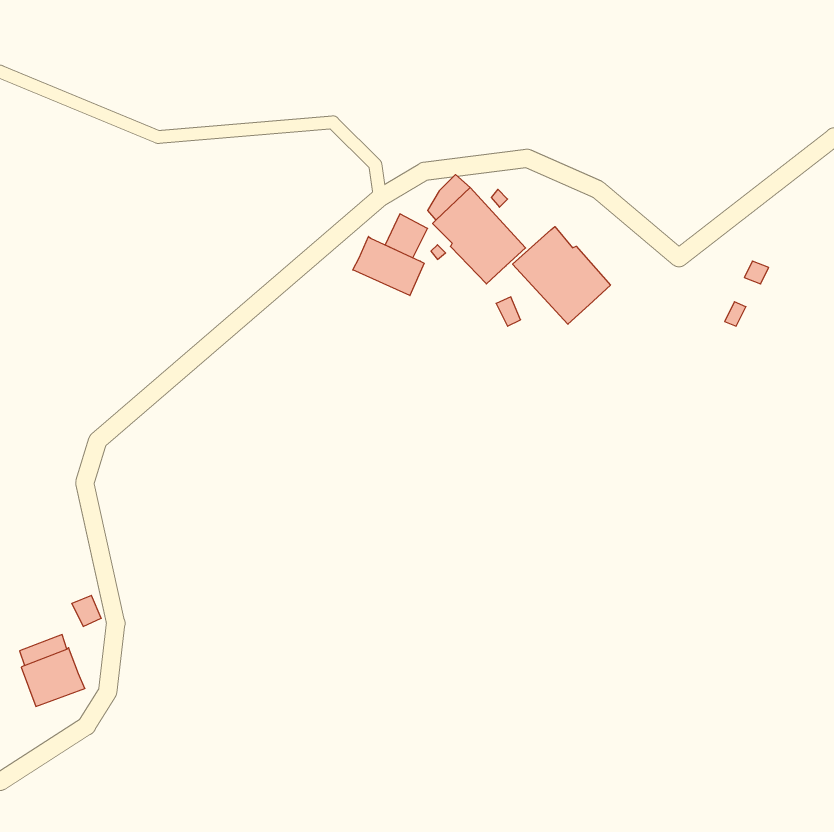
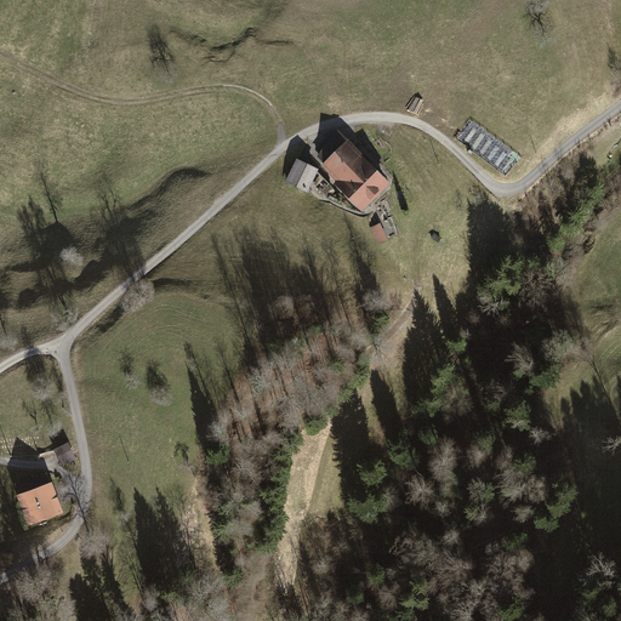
building: [513,227,610,324] -> none
building: [353,236,424,296] -> none

